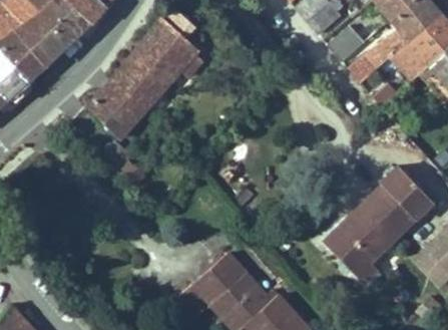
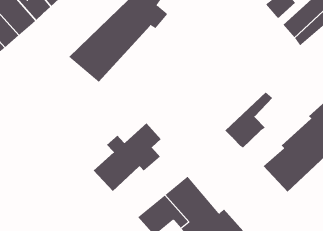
building: none -> [225,92,273,149]
building: none -> [93,123,162,192]

